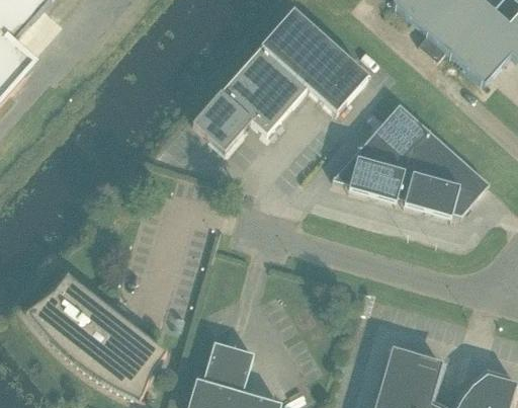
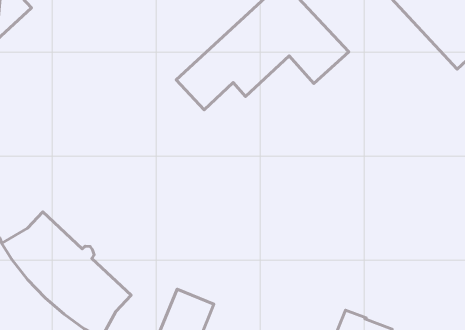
building: [332,102,489,218] -> none

